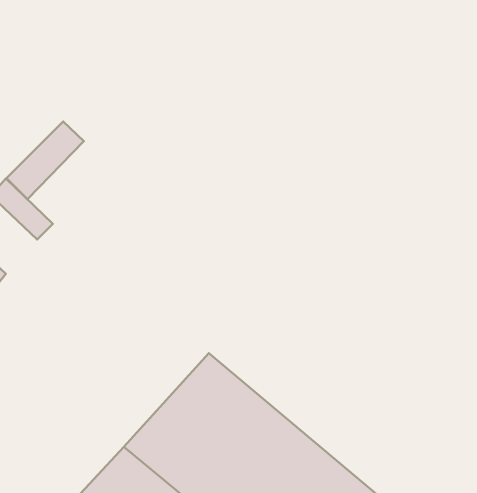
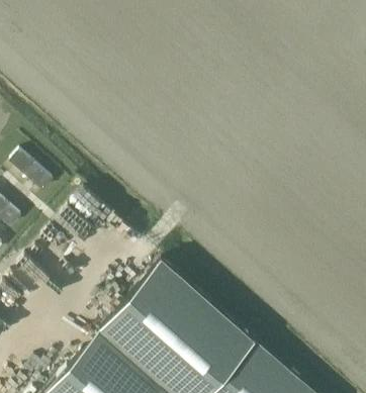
building: [7,122,84,199] -> none

